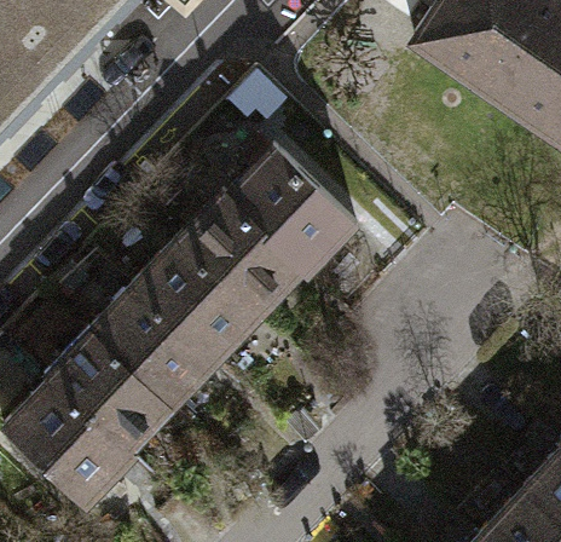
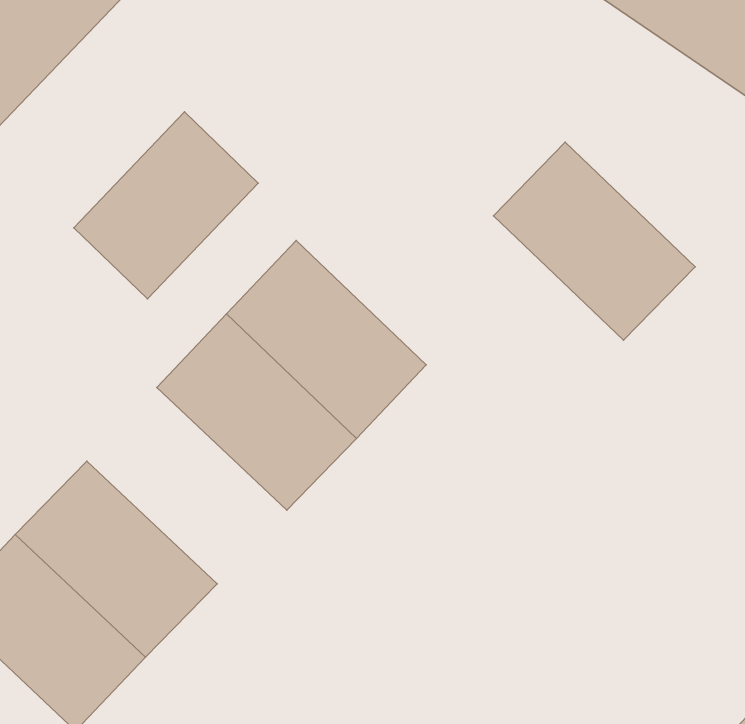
building: none -> [74,112,258,299]
building: [218,146,347,273] -> [493,142,695,340]
building: [83,288,212,414] -> none

